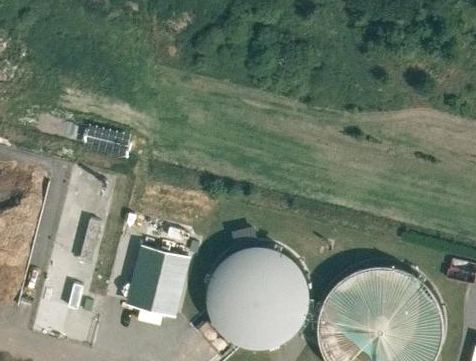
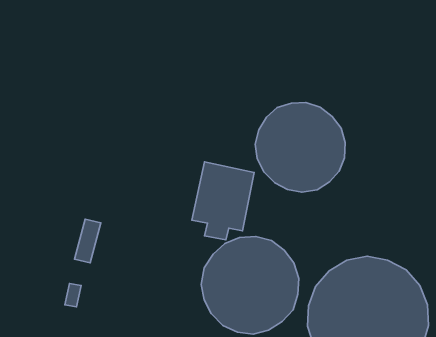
building: none -> [255,103,345,192]
building: [124,254,188,334] -> [192,162,254,240]

